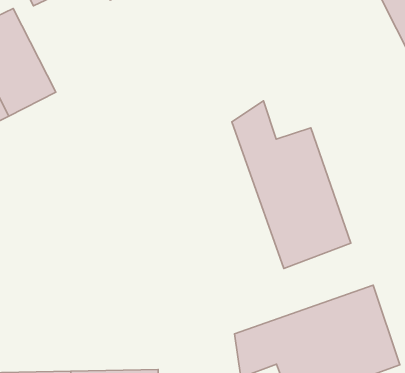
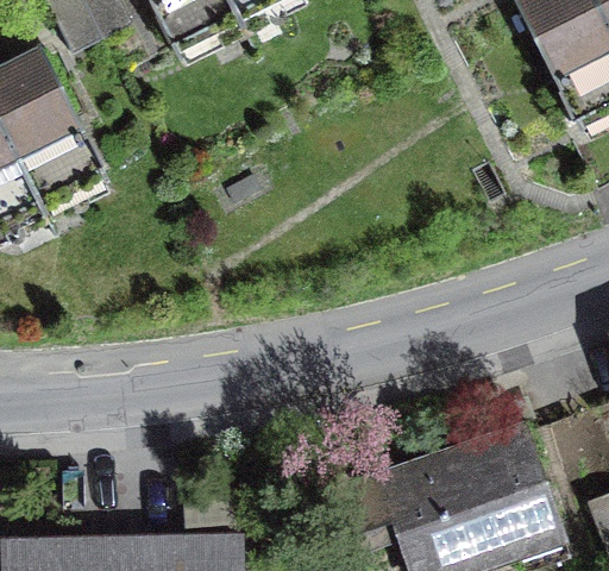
building: [232,101,351,269] -> none

